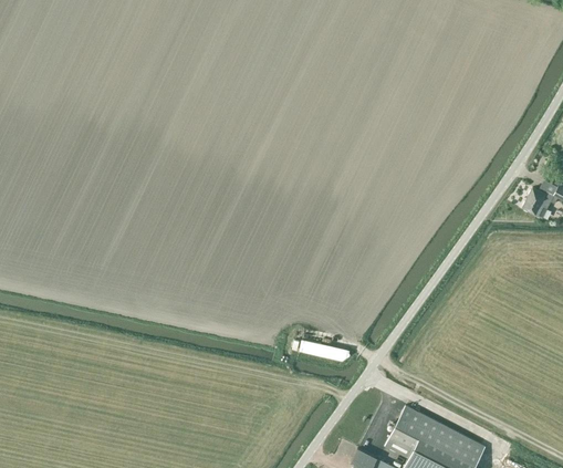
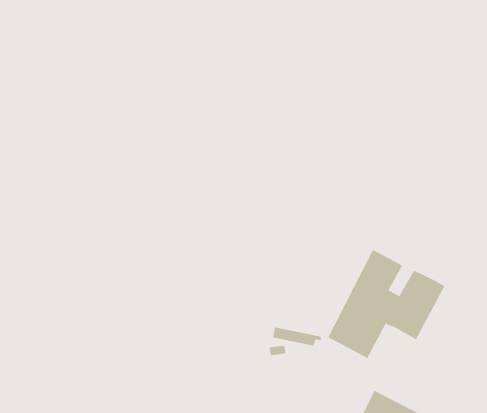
building: none -> [328,249,445,359]

